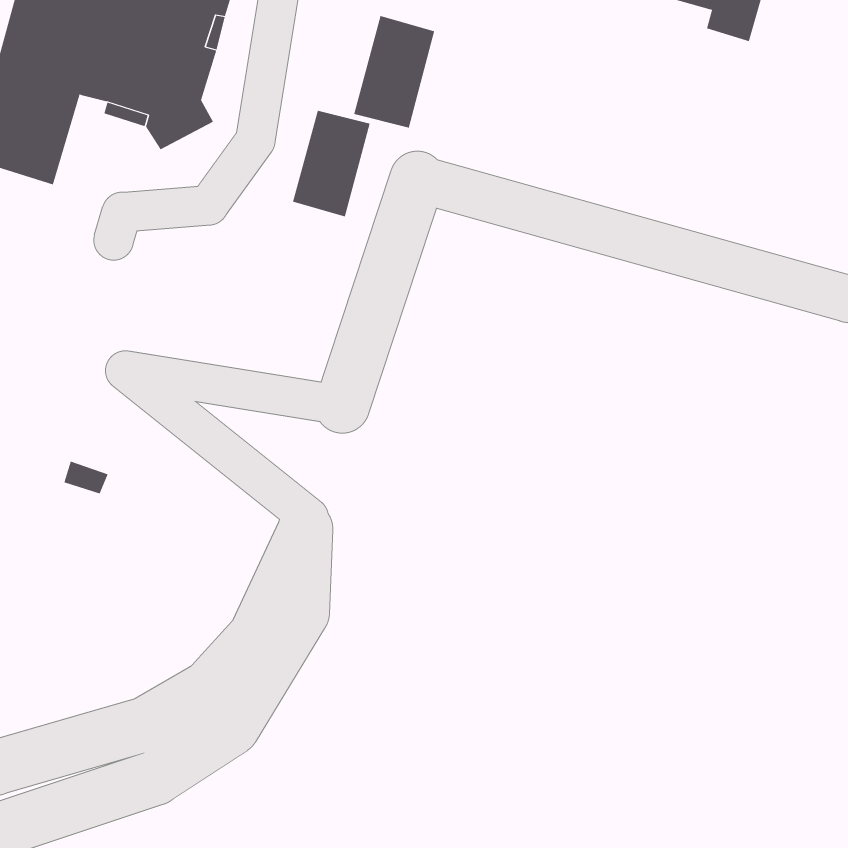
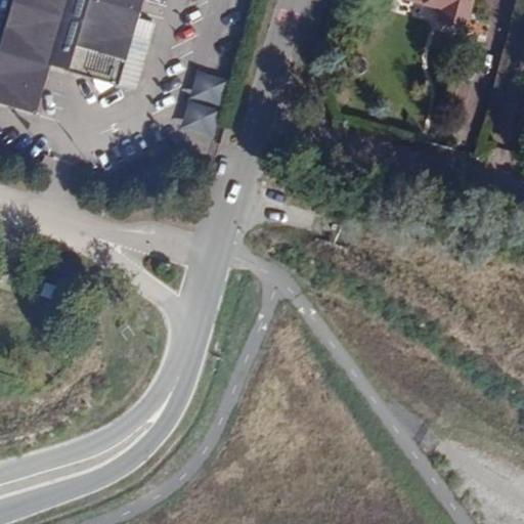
building: [353,15,435,129] -> none

